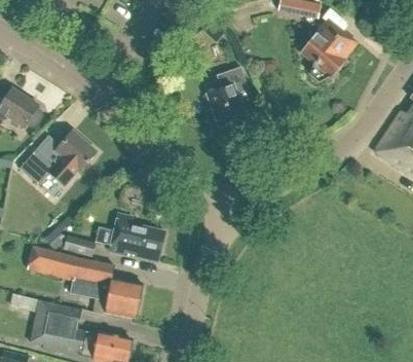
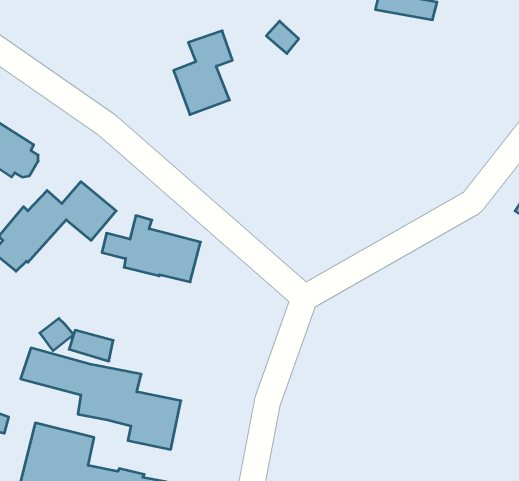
building: [302,8,354,79] -> none
building: [206,66,248,124] -> [174,31,232,115]
building: [96,213,164,259] -> [102,216,201,282]

